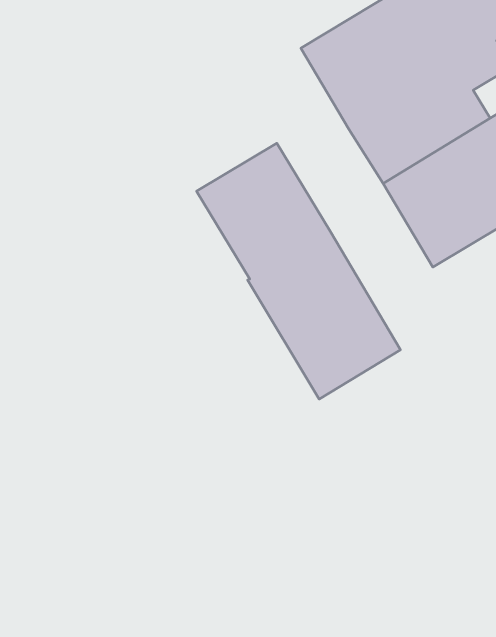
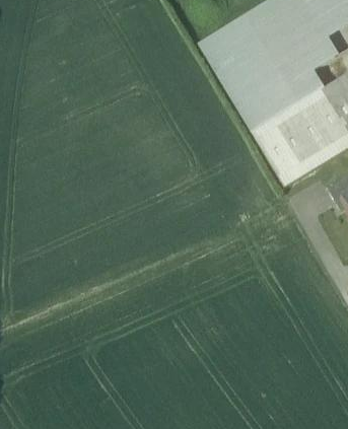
building: [196,143,400,399] -> none

